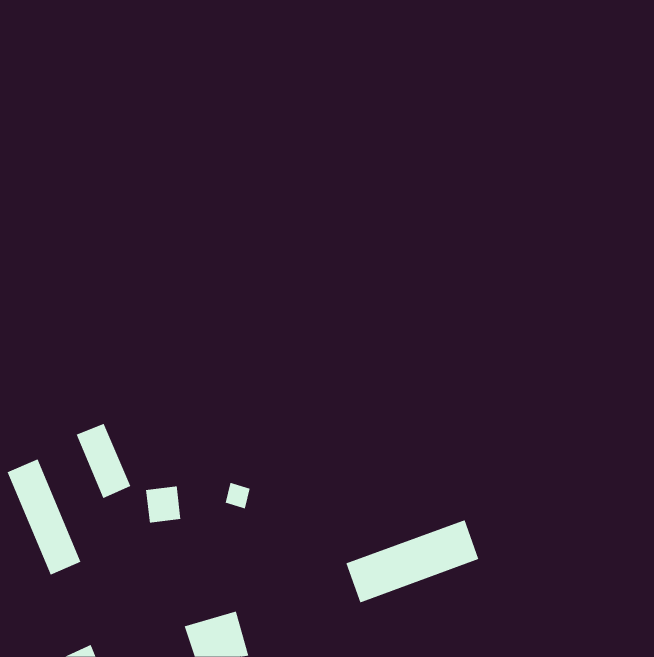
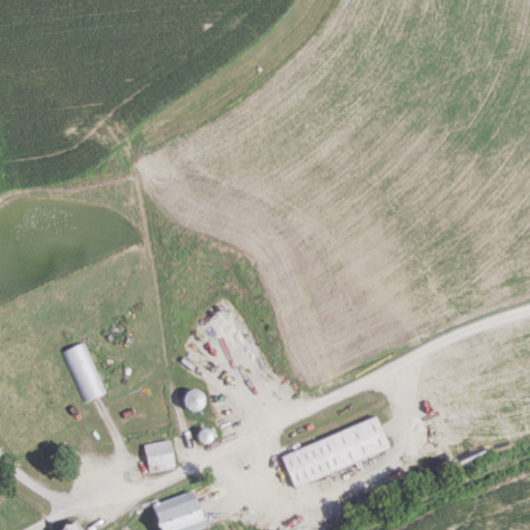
building: [7,458,81,575] -> none
building: [145,486,181,523] -> [145,441,174,471]

